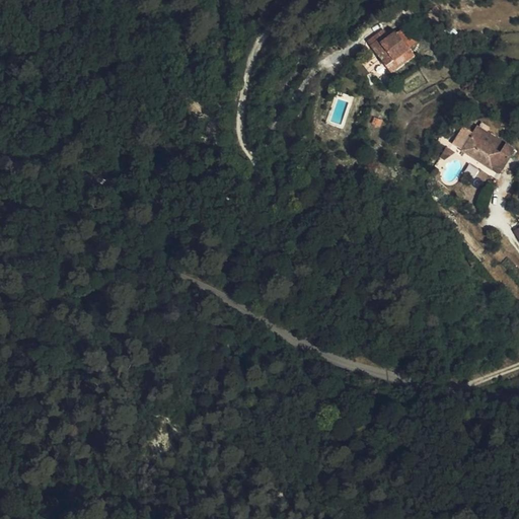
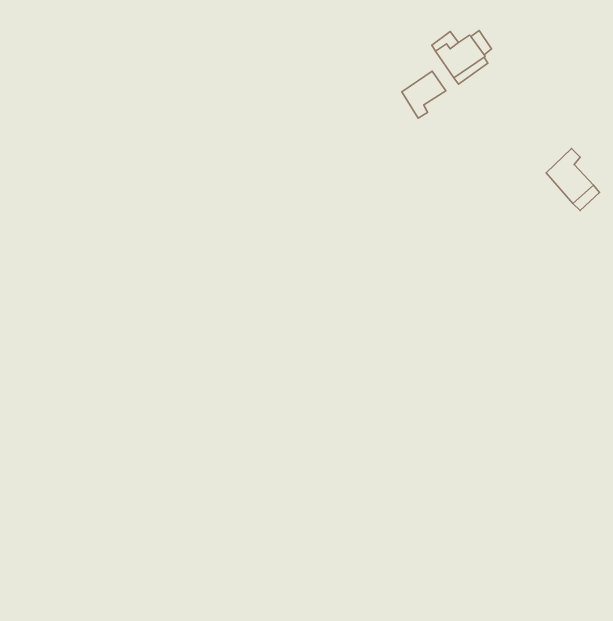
building: none -> [402,71,446,118]

